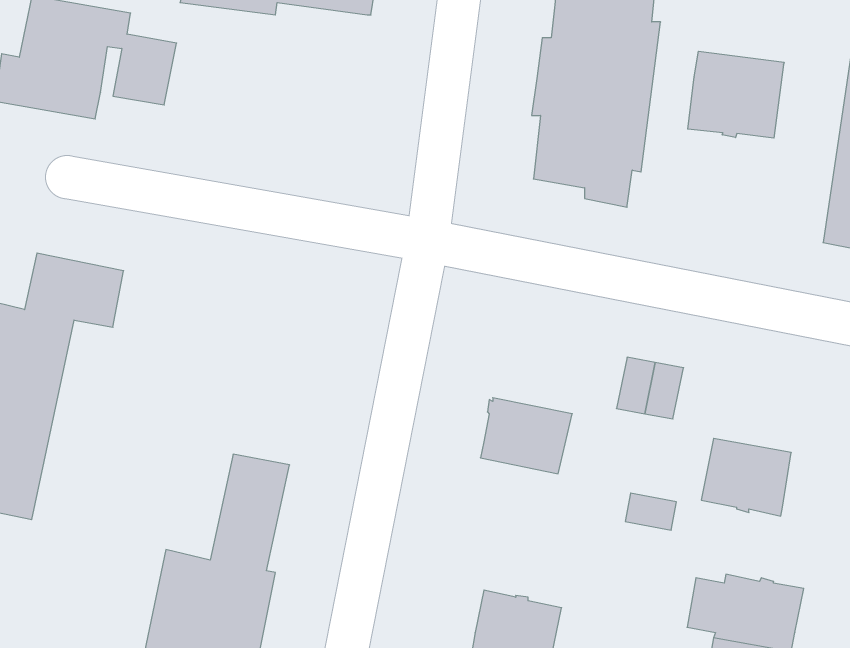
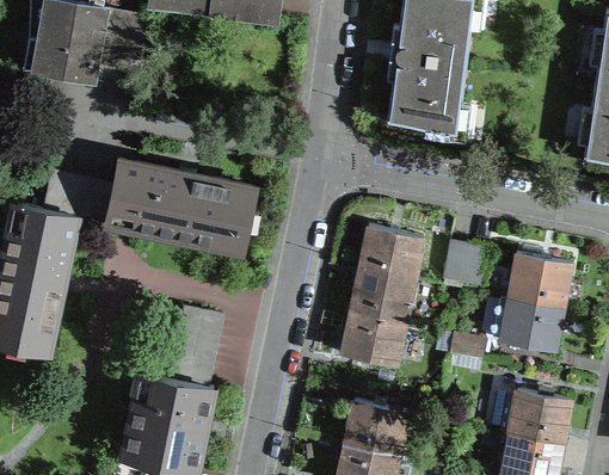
building: [688,51,784,138] -> none
building: none -> [104,161,256,253]
building: none -> [361,228,423,282]
building: none -> [509,255,572,308]
building: none -> [344,311,405,364]

